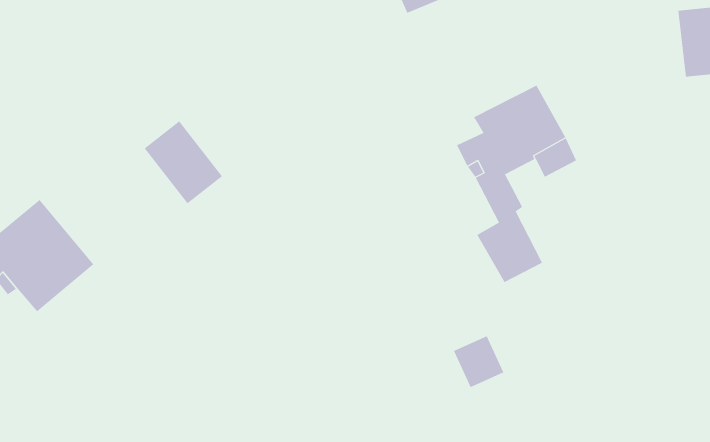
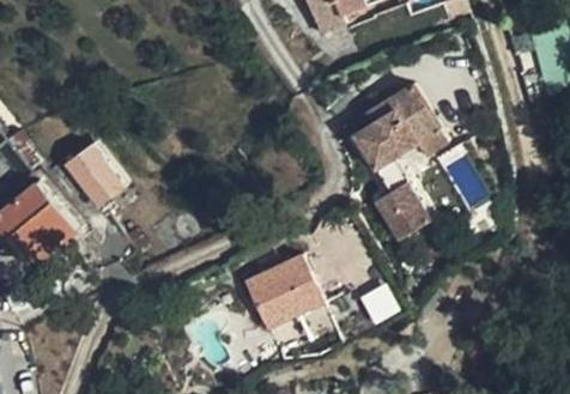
building: [144,121,223,204] -> [63,140,125,205]
building: none -> [243,250,325,327]

